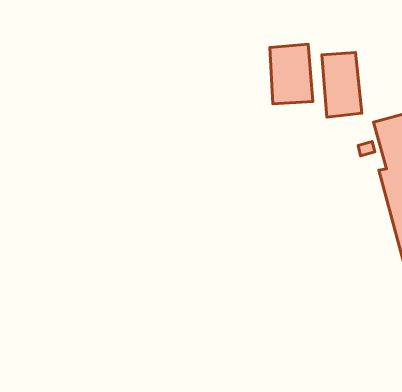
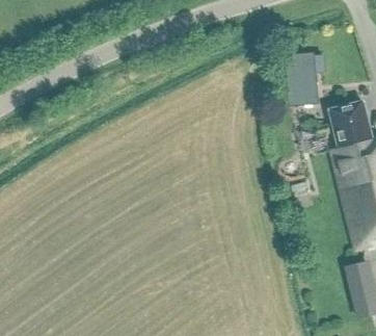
building: [270,44,313,104] -> none

